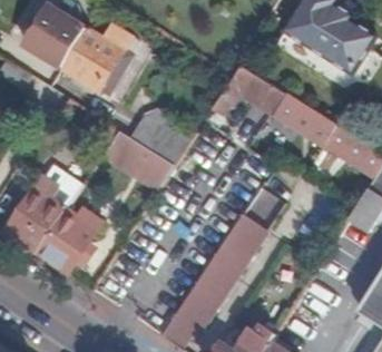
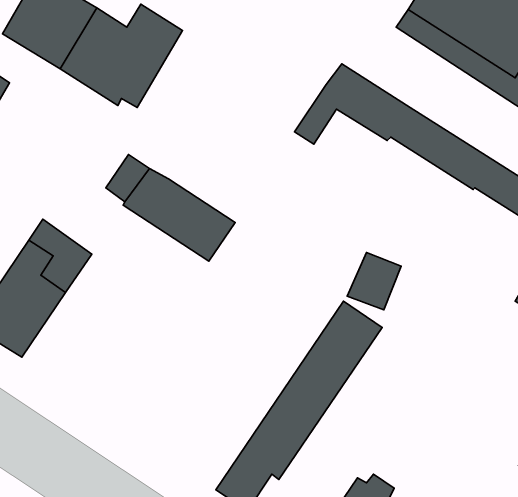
building: [129,108,193,165] -> none
building: [36,209,100,273] -> none

